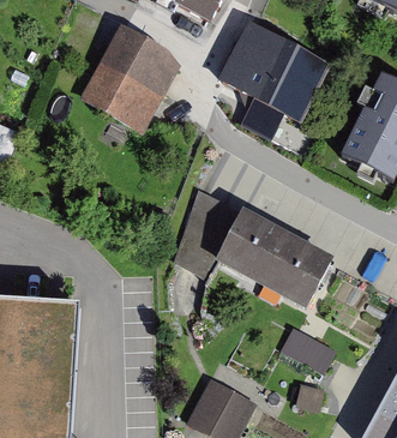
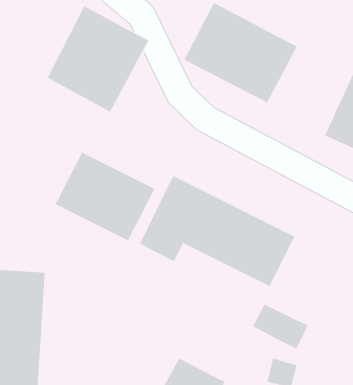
building: none -> [55,152,155,241]

